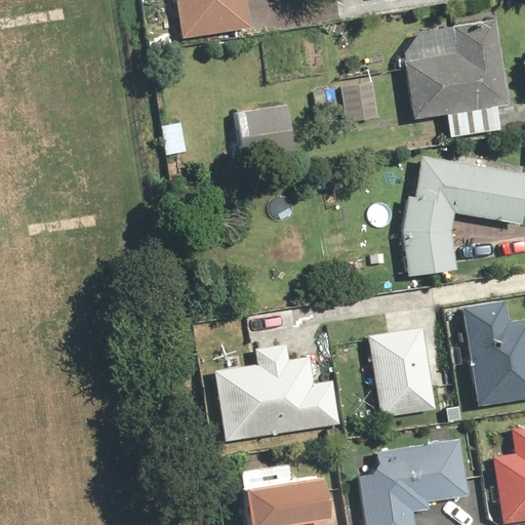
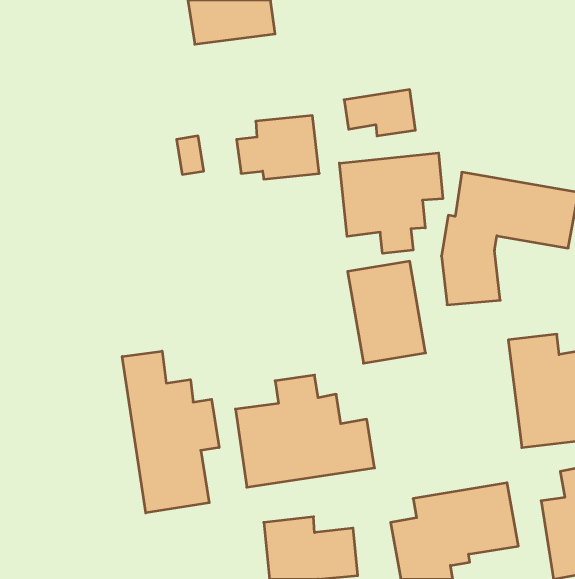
building: [403,16,510,135] -> none
building: none -> [339,153,443,253]
building: none -> [122,351,219,513]
building: [366,325,437,417] -> [348,261,426,363]

